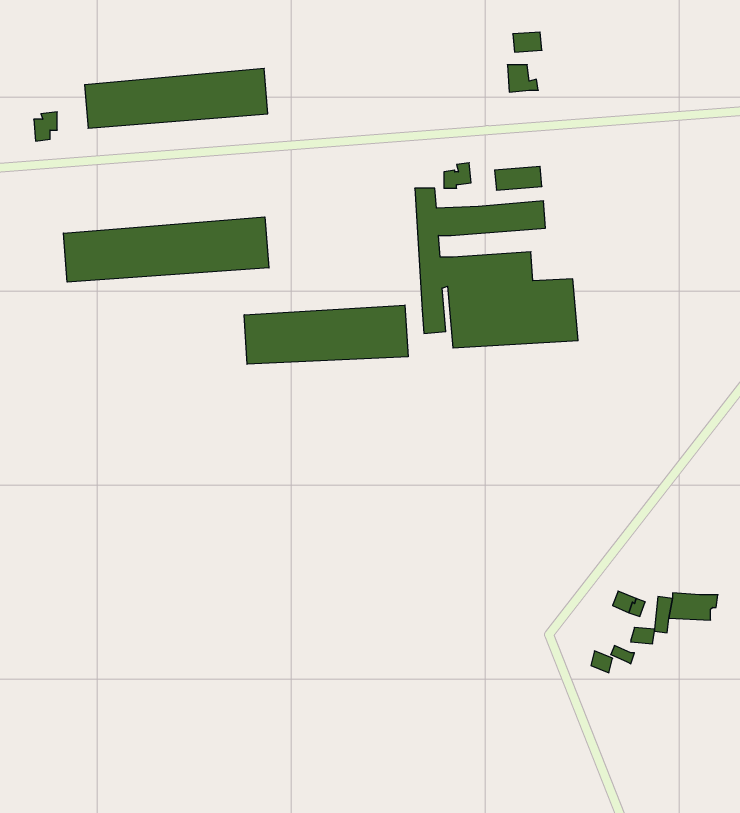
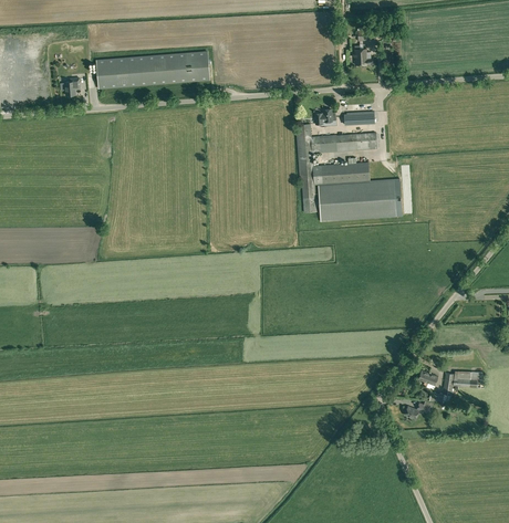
building: [63,217,269,282] -> none
building: [244,305,408,364] -> none

